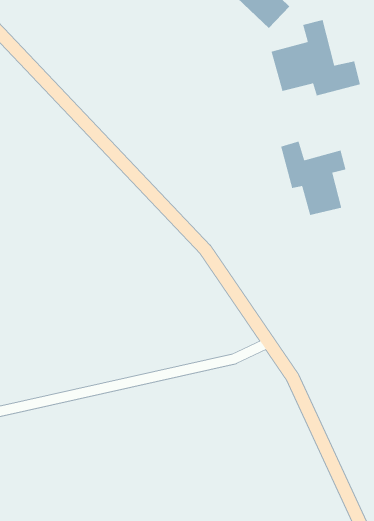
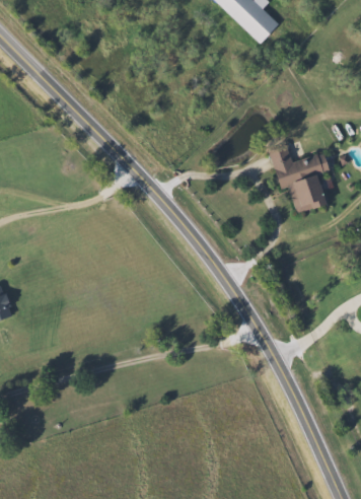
building: [271,19,361,97] -> none

